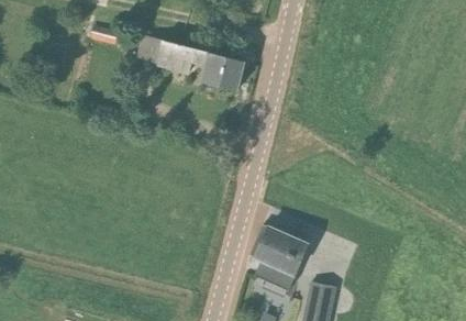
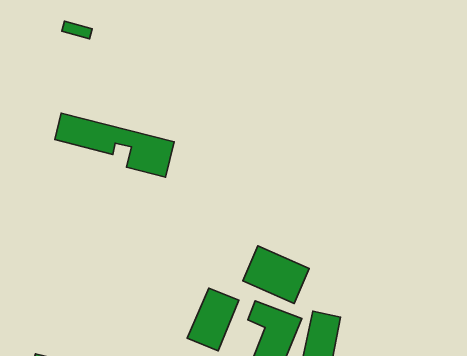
building: [142,35,246,91] -> [55,113,174,177]
building: none -> [187,288,239,351]

